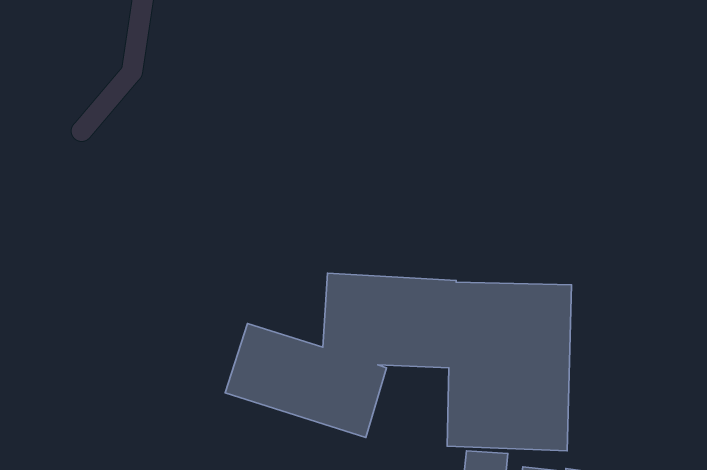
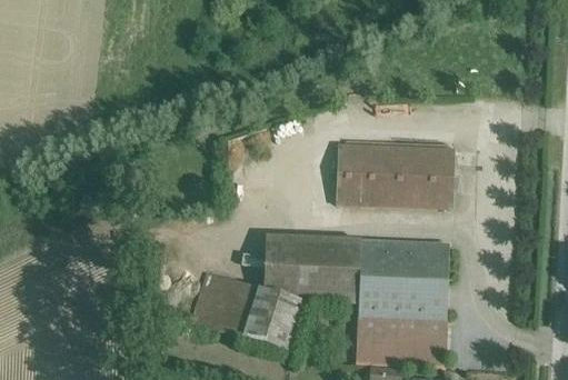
building: none -> [336,141,454,208]

